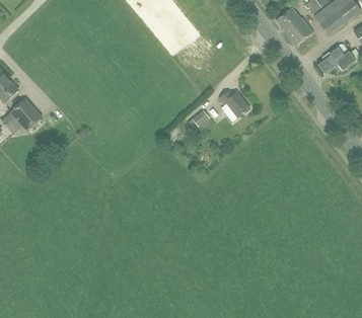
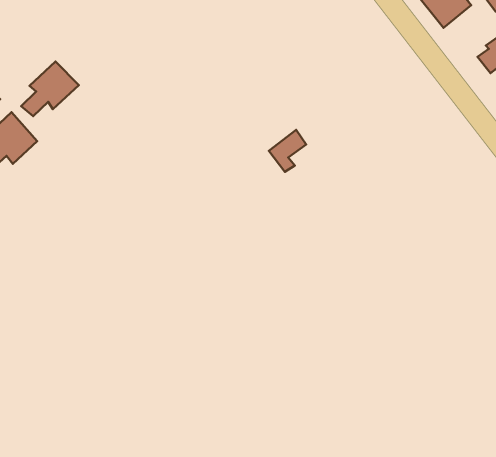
building: none -> [21,62,79,116]
building: [219,90,250,121] -> none

